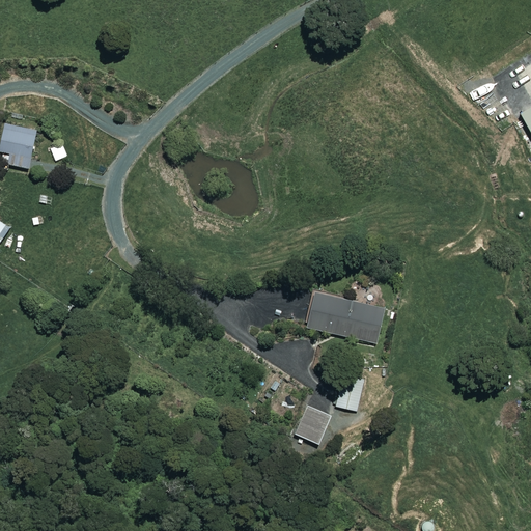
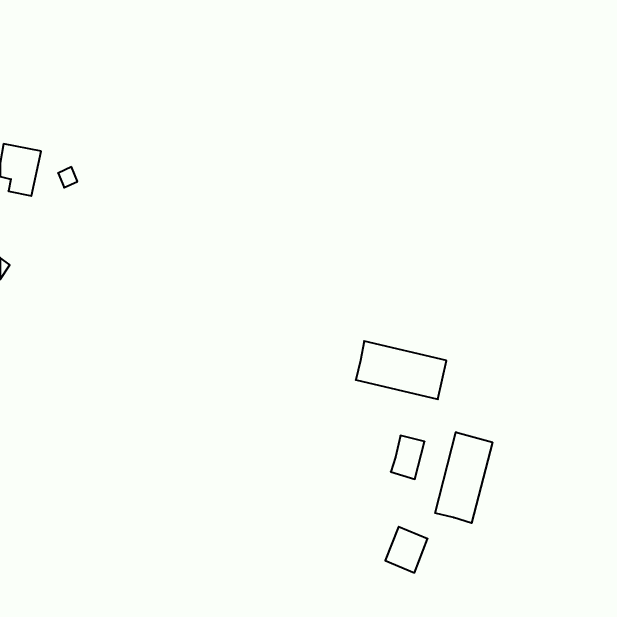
building: none -> [435,432,492,523]
building: [295,404,331,444] -> [385,527,428,573]

